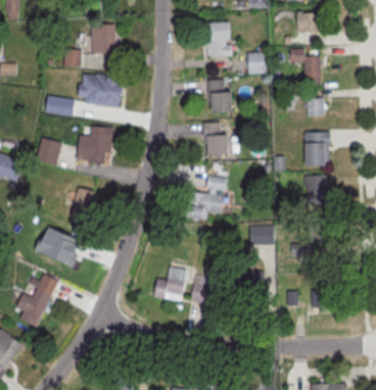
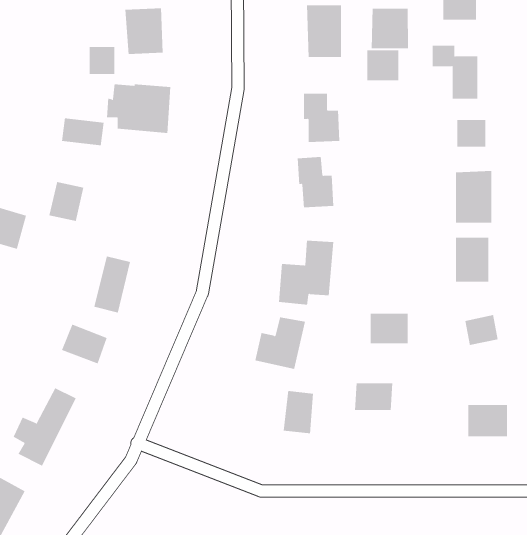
building: none -> [371,8,408,49]
building: [75,126,111,165] -> none
building: [154,267,188,302] -> [255,317,306,370]

